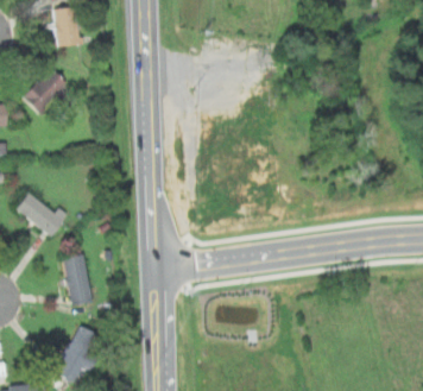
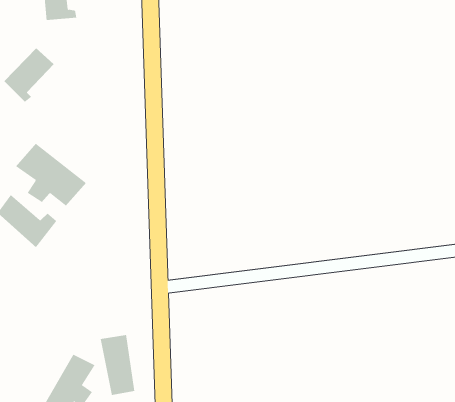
building: none -> [15,143,87,207]
building: [63,256,93,307] -> [100,335,135,395]

